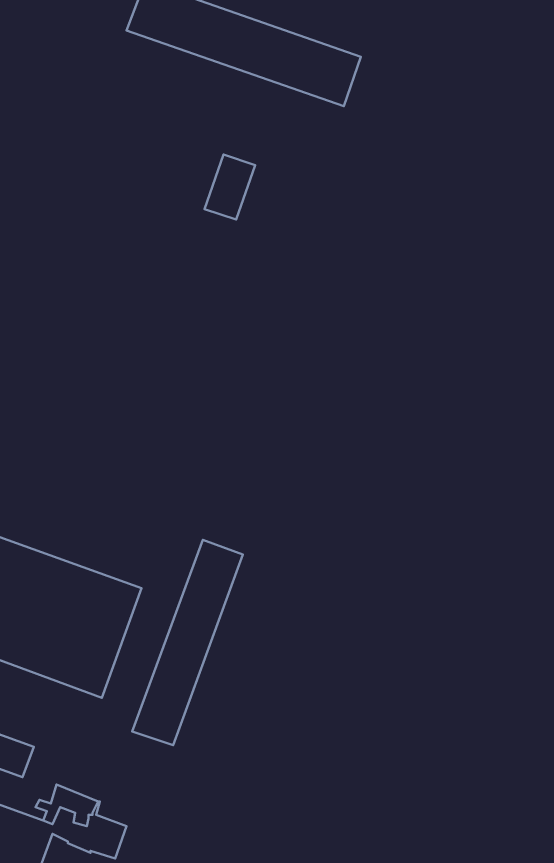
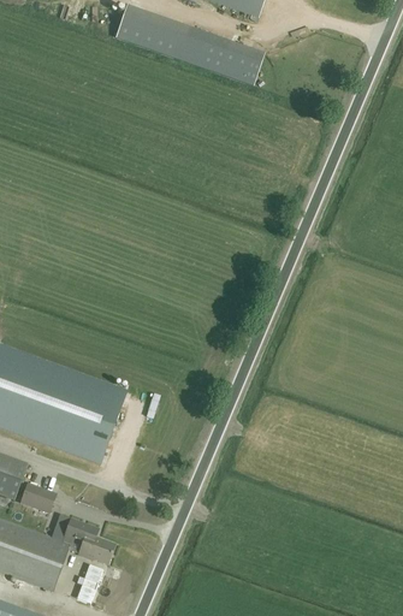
building: [204,155,255,220] -> none
building: [132,540,243,745] -> none

